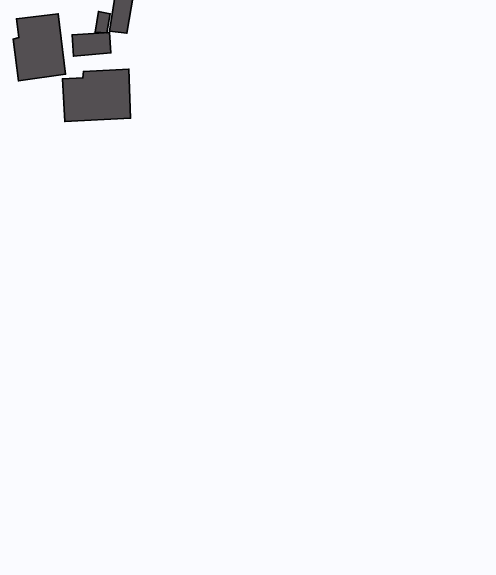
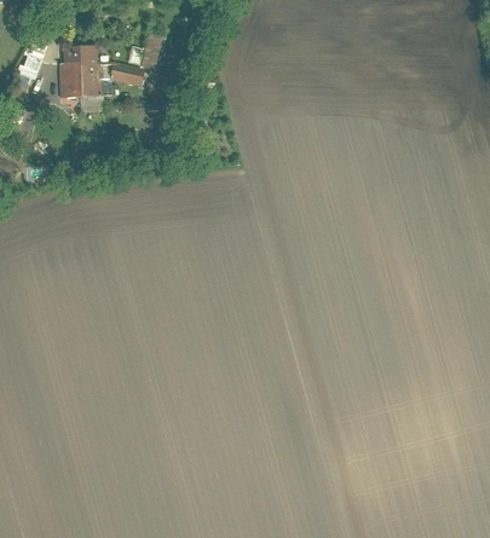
building: [62,69,130,122] -> none

